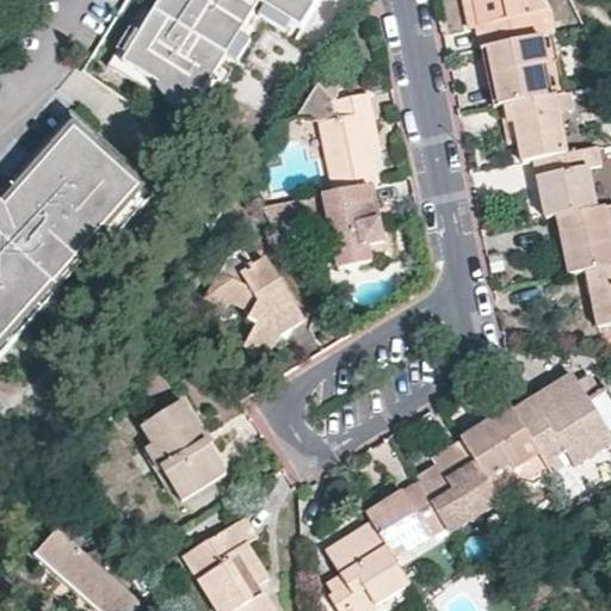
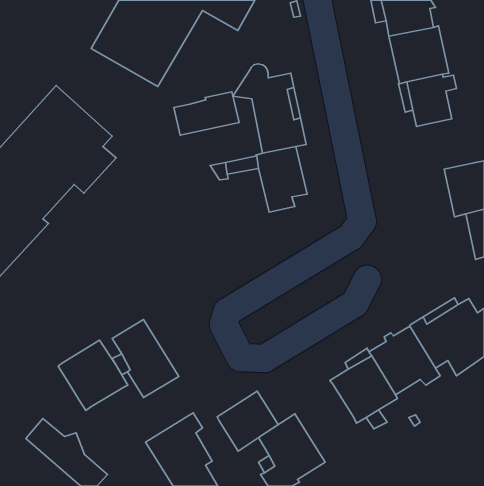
building: none -> [174,92,239,135]
building: [533,149,597,215] -> none
building: [206,249,302,356] -> none
building: none -> [58,340,128,411]
building: [368,482,444,557] -> [217,391,278,451]

